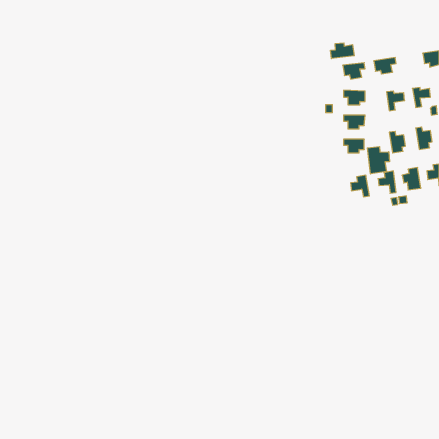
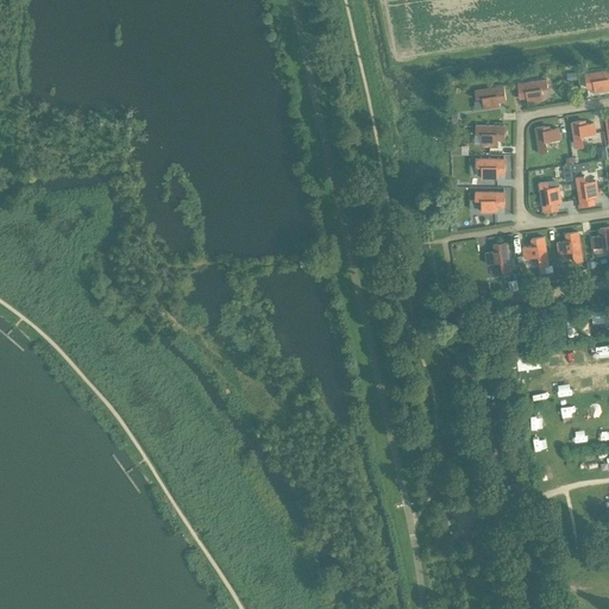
building: [331,43,354,59] -> none
building: [367,147,389,174] -> none

